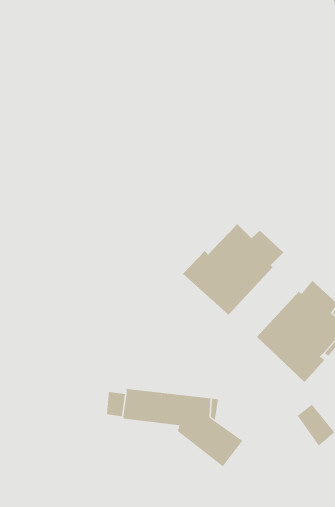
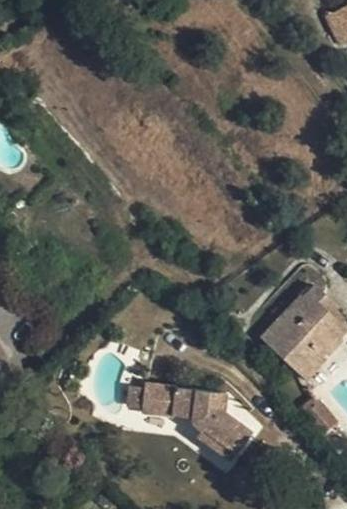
building: [182,223,284,315] -> none

